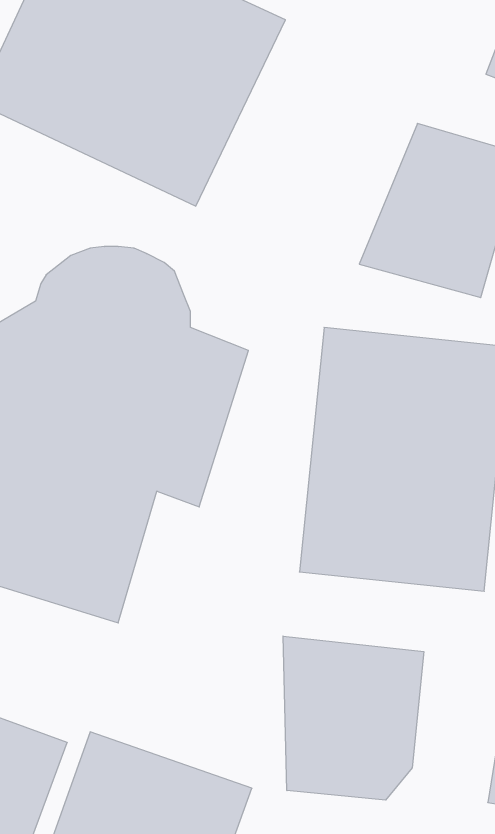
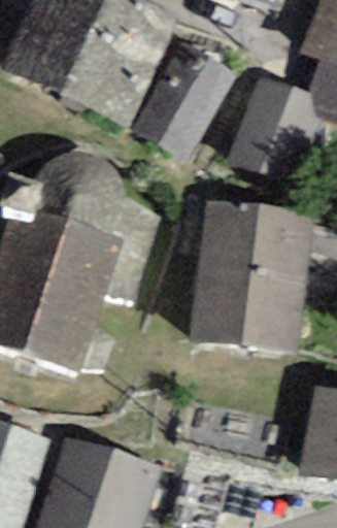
building: none -> [131,41,238,162]
building: [283,636,424,800] -> none

